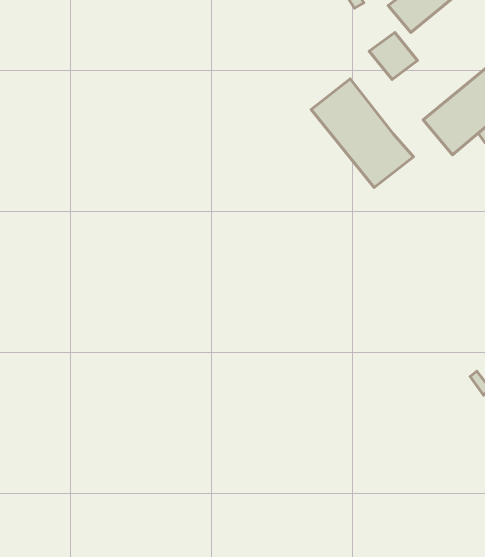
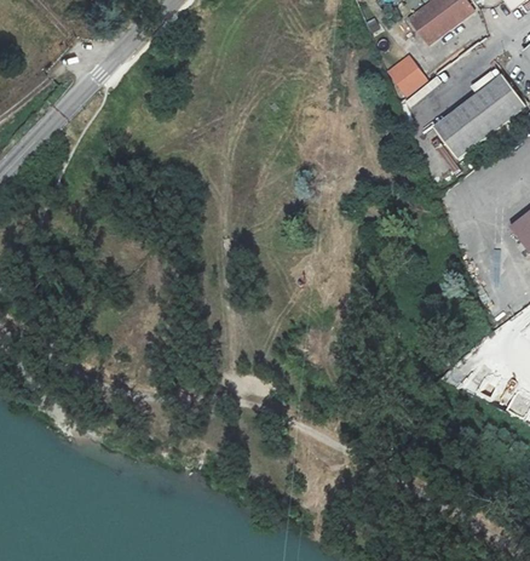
building: [311,79,413,188] -> none

